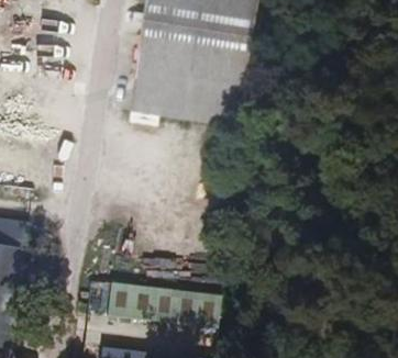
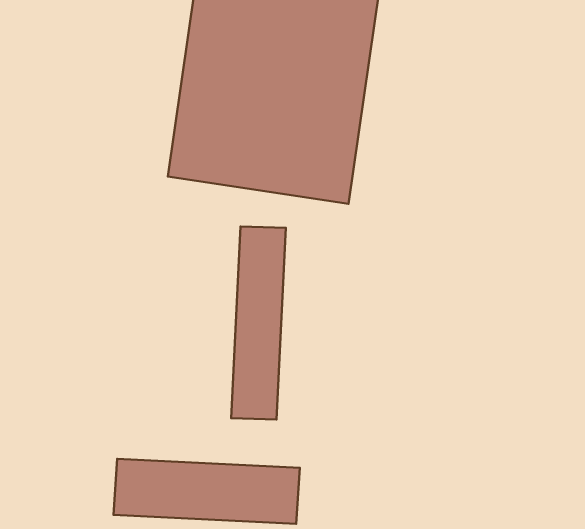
building: none -> [231,227,286,419]

